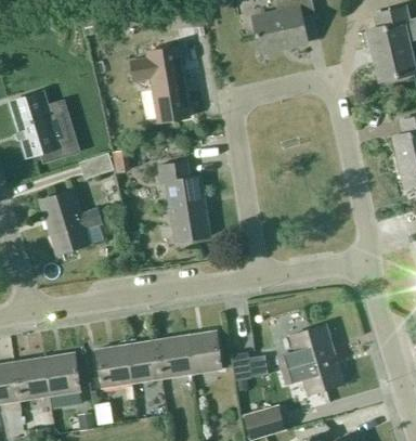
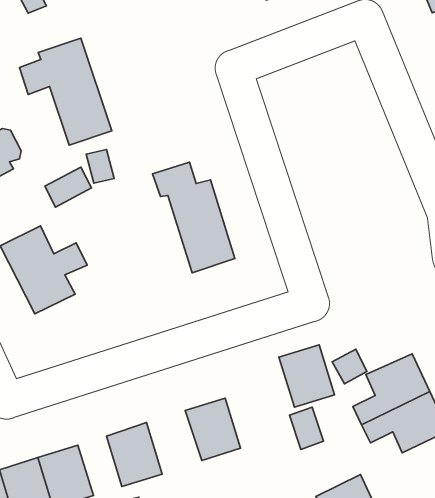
building: [130,47,190,122] -> [19,38,112,145]
building: [185,332,221,374] -> [279,345,334,407]
building: [126,340,161,384] -> none

